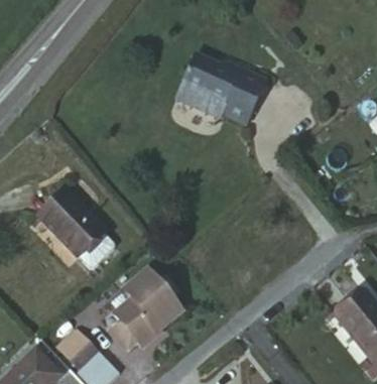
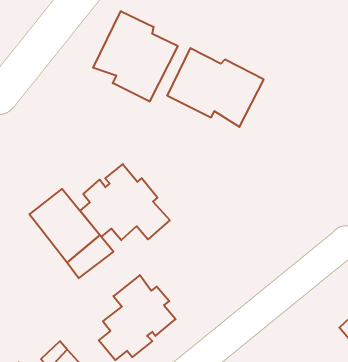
building: none -> [93,11,178,102]
building: none -> [80,164,170,240]

